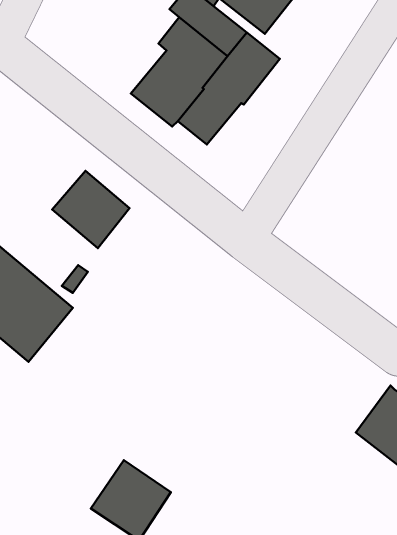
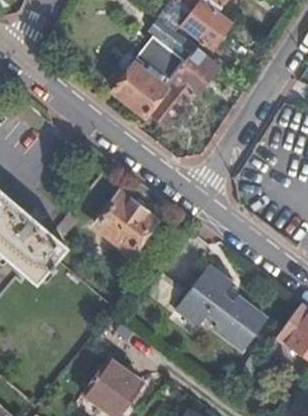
building: [52,171,130,248] -> [98,194,154,251]
building: none -> [177,266,268,352]

